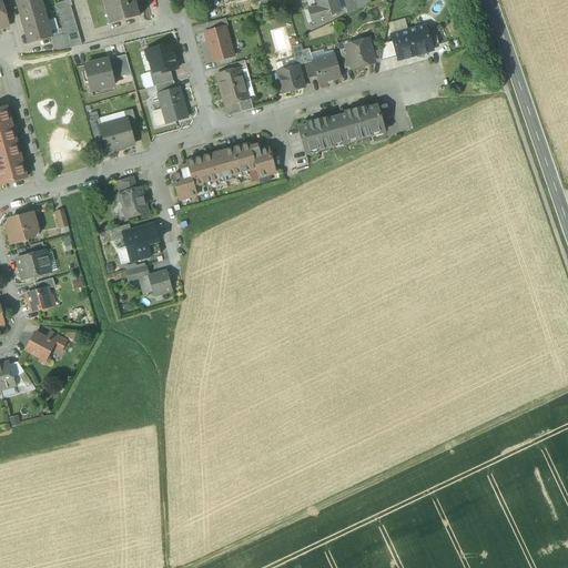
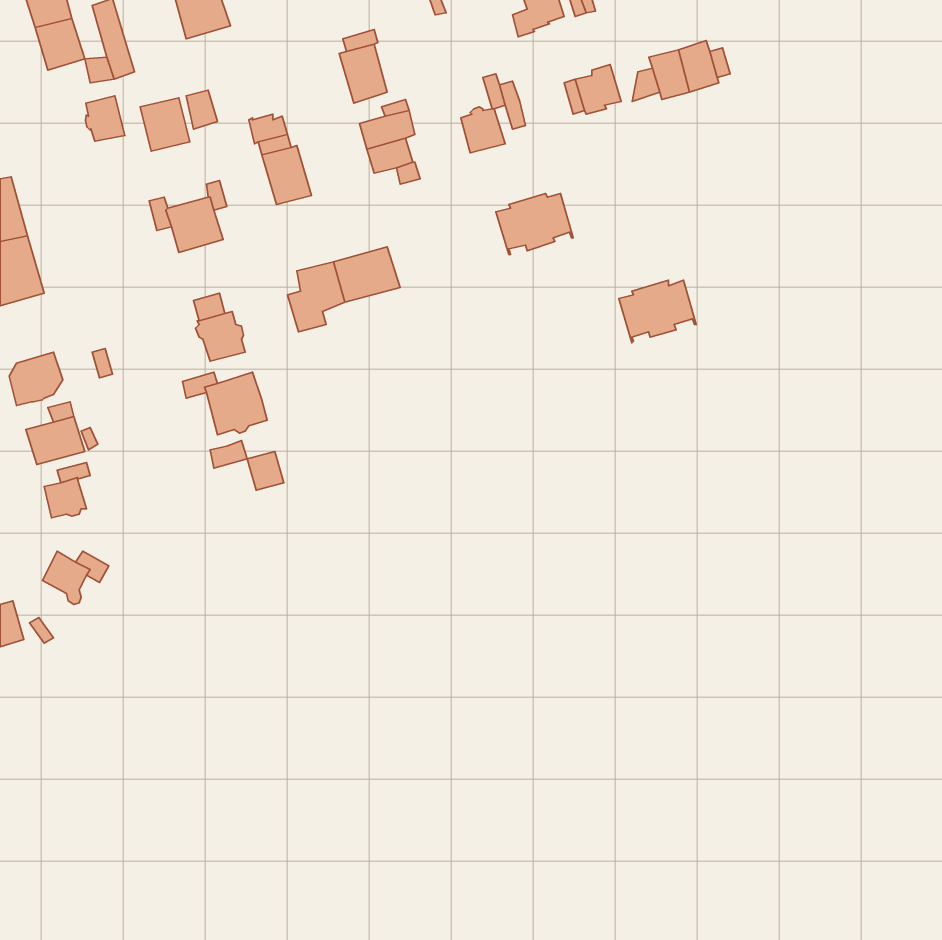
building: [146,45,178,72] -> none
building: [313,54,341,83] -> none
building: none -> [85,96,125,141]
building: [337,105,384,143] -> [619,280,696,343]
building: [233,142,275,179] -> none

